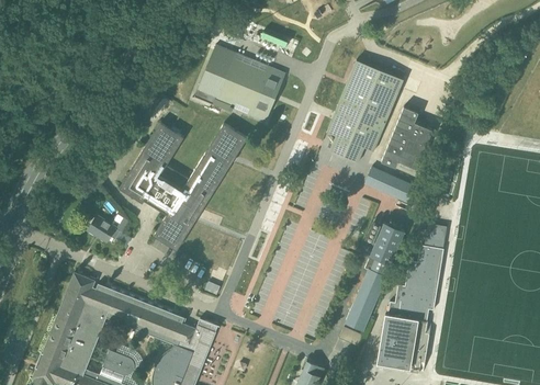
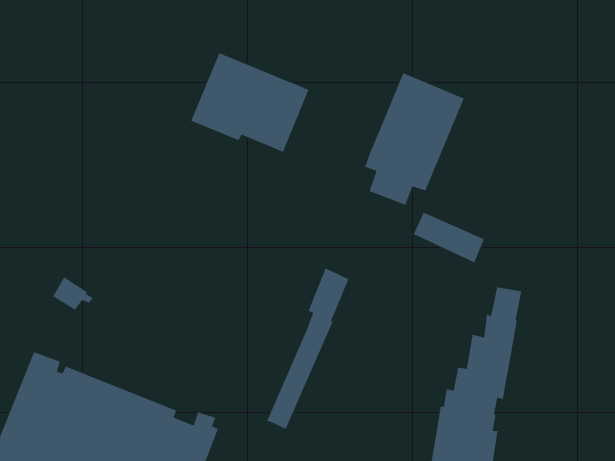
building: [382,105,432,168] -> none
building: [120,122,247,250] -> none
building: [340,222,404,346] -> [266,267,349,430]

